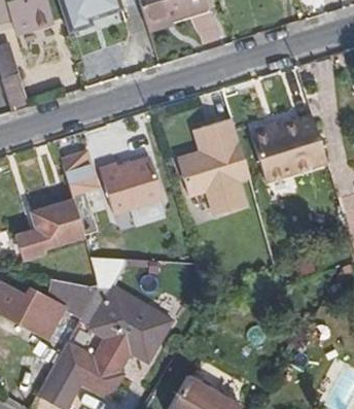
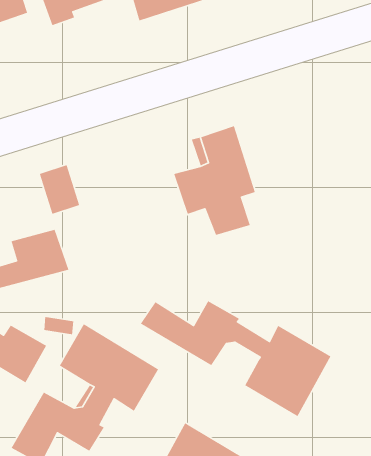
building: [251,113,325,179] -> none
building: [100,155,163,211] -> none
building: none -> [140,300,331,417]

